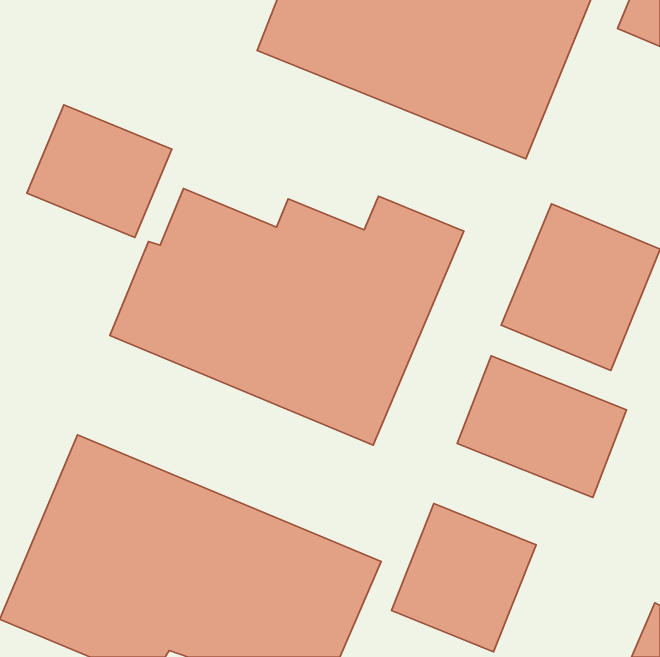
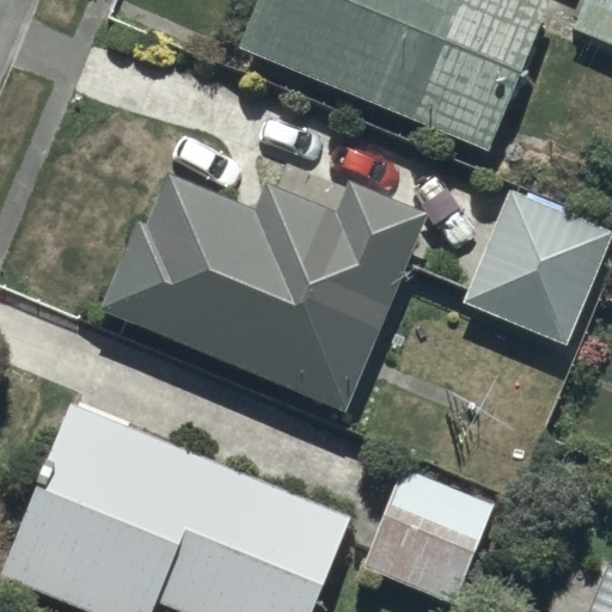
building: [27,105,172,238] -> none
building: [457,356,627,497] -> none

